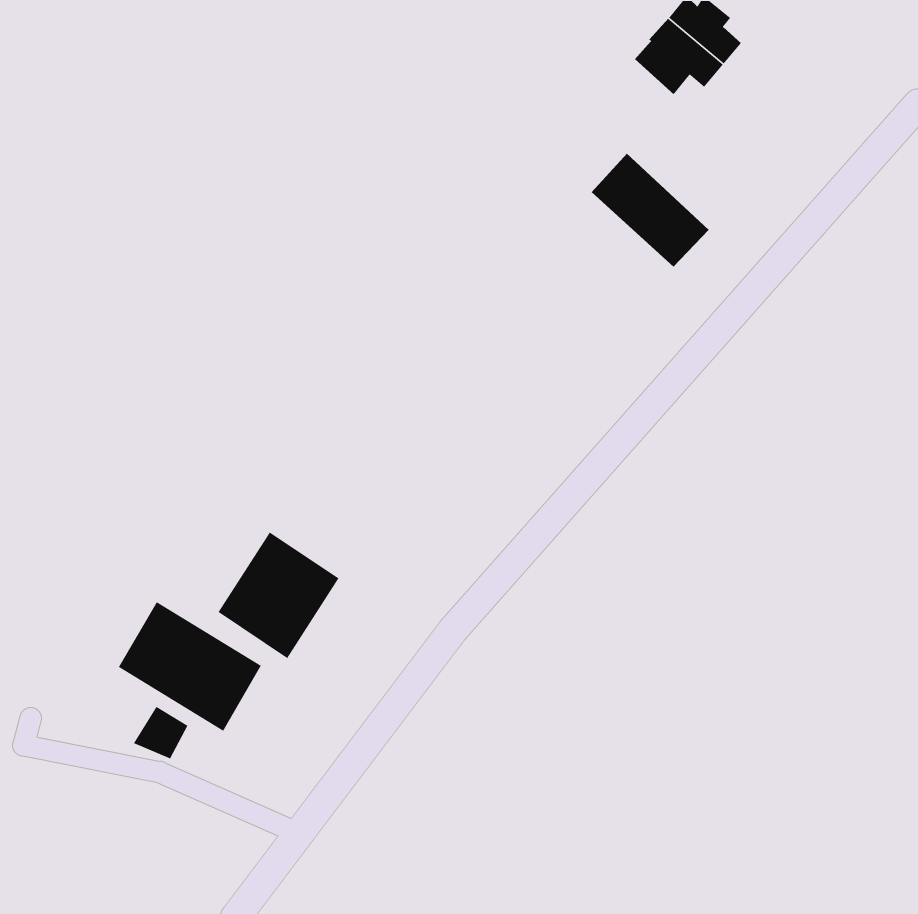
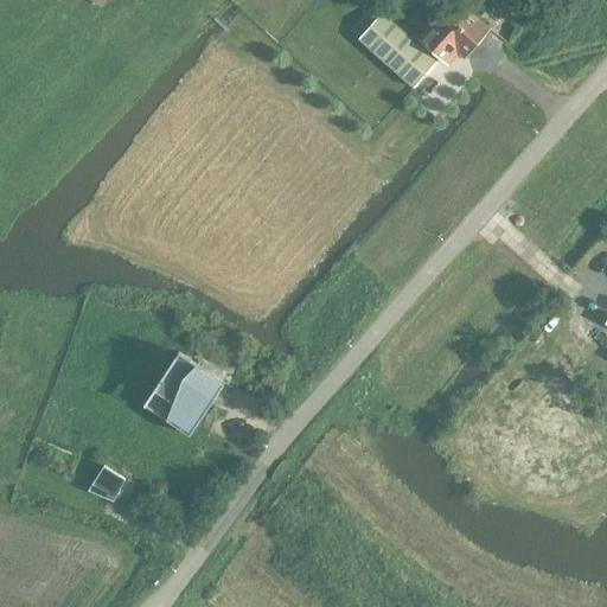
building: [591,153,709,268] -> [358,13,436,89]
building: [118,601,262,732] -> none

